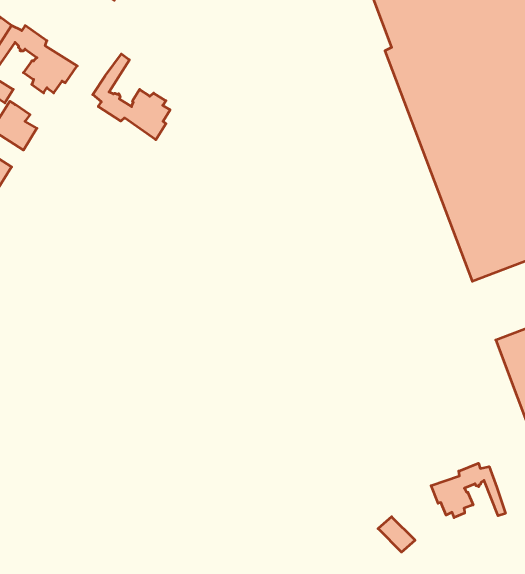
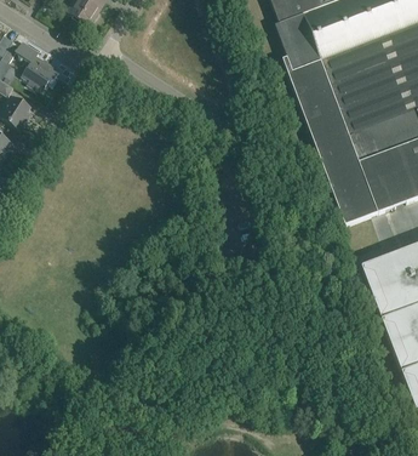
building: [93,54,170,140] -> none
building: [431,463,505,518] -> none

